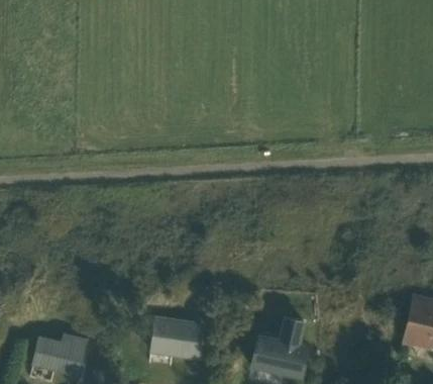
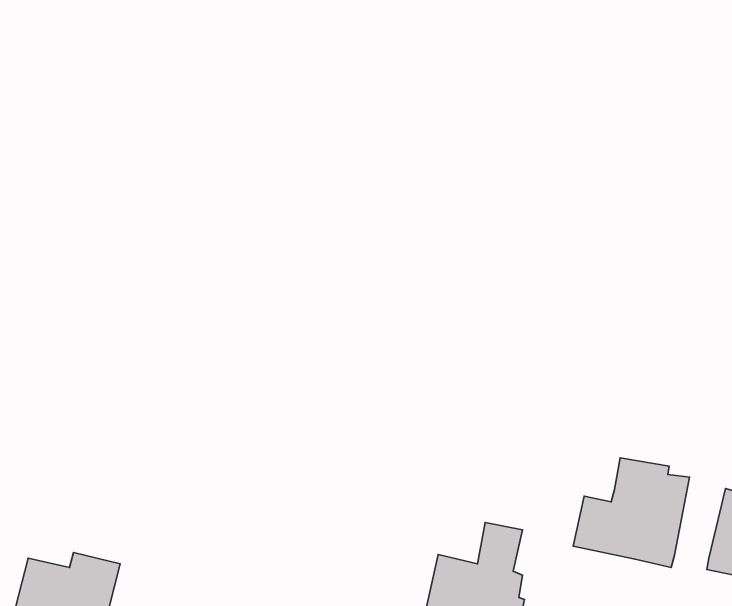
building: none -> [573,458,690,567]
building: [150,317,202,359] -> none

